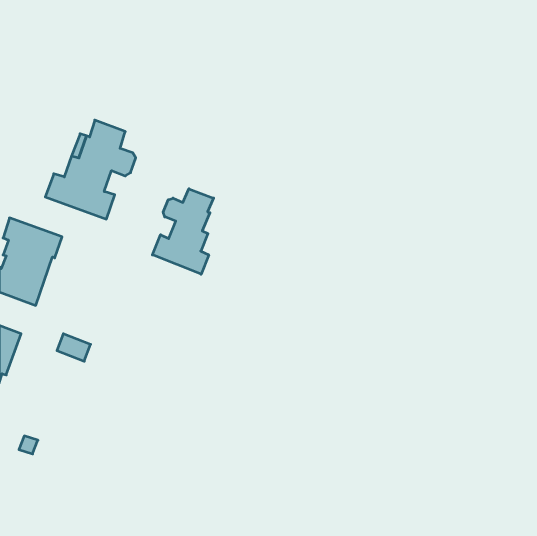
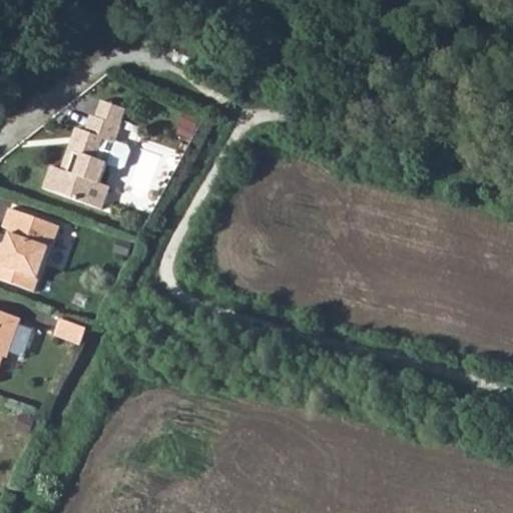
building: [152,189,214,274] -> none

